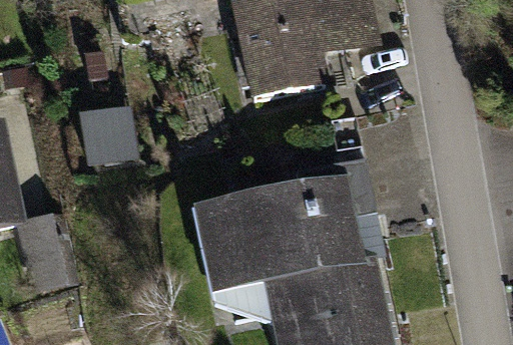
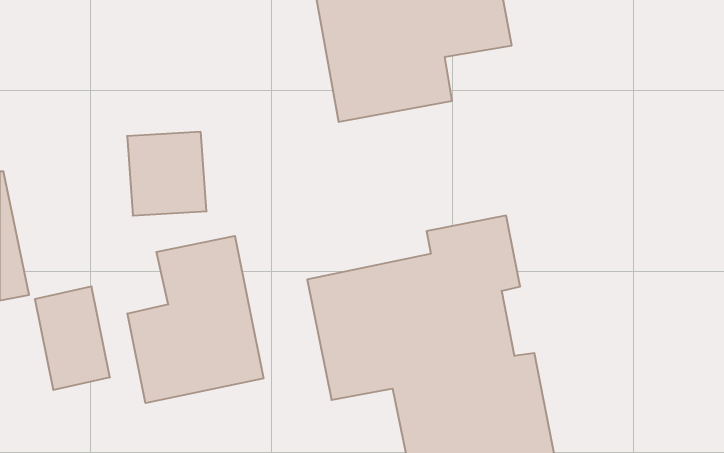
building: none -> [127,236,264,403]

